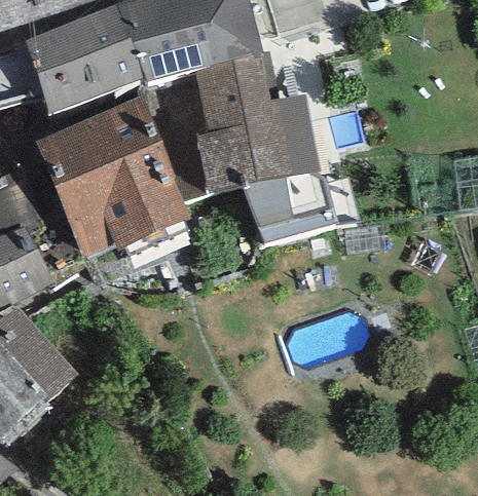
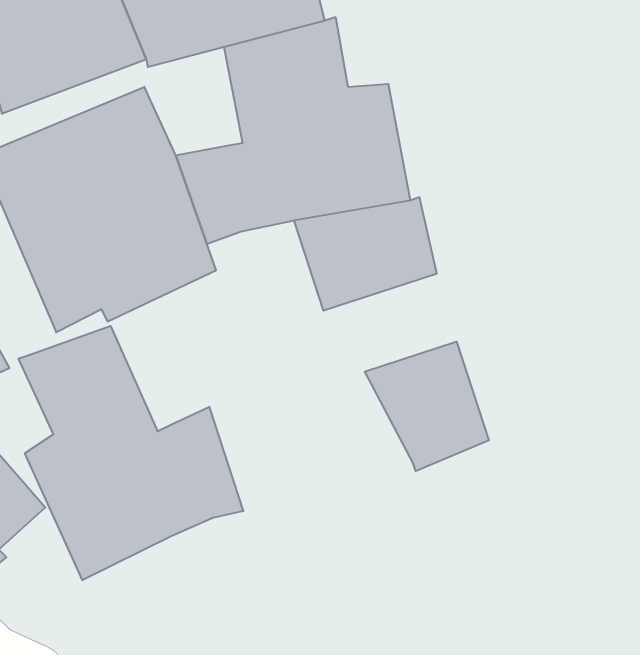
building: none -> [19,326,243,580]
building: none -> [365,342,489,471]

